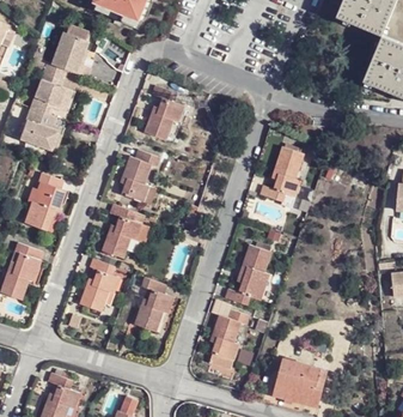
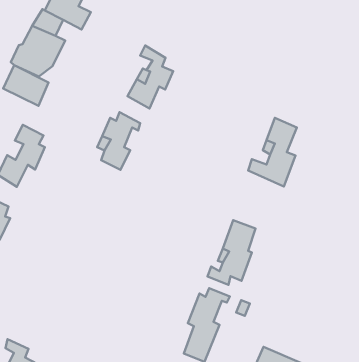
building: [94,205,134,264] -> none
building: [73,259,115,315] -> none
building: [126,276,166,333] -> none

